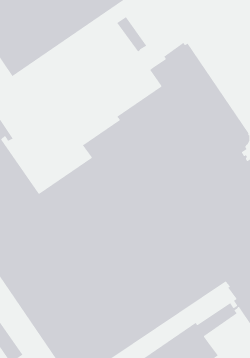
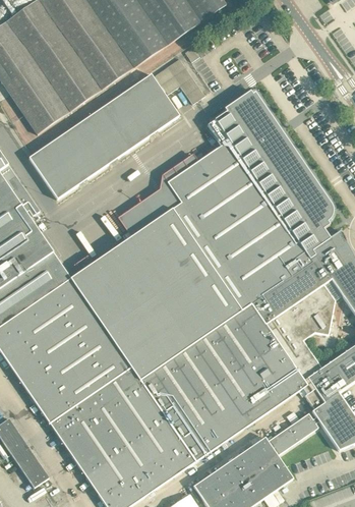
building: none -> [28,73,179,199]

